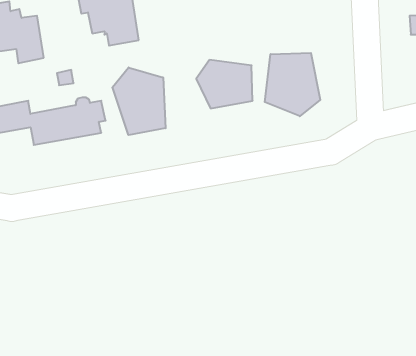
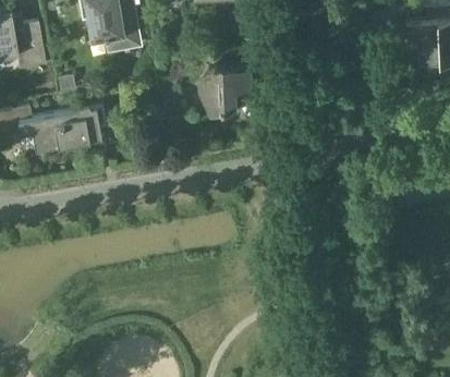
building: [265,53,320,116] -> none
building: [112,67,166,135] -> none

